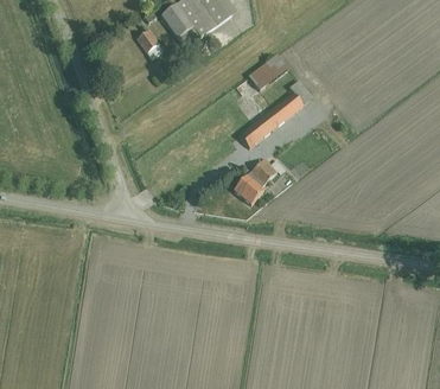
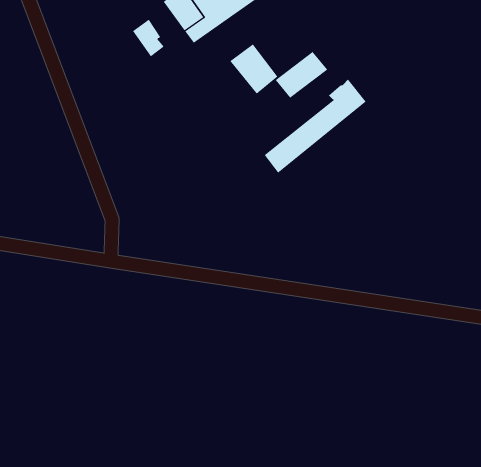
building: none -> [230,44,278,94]
building: [232,158,285,205] -> none

